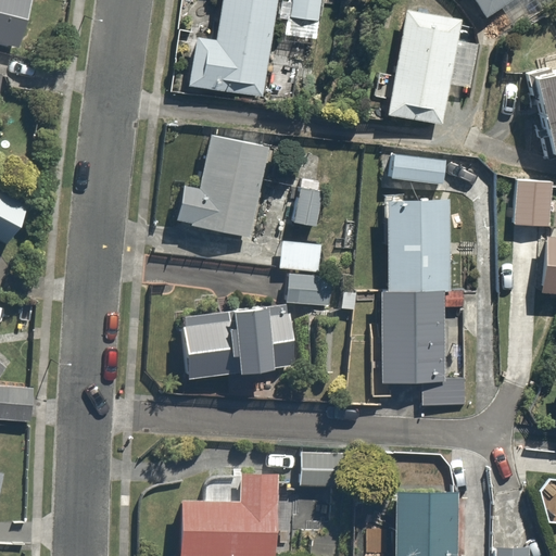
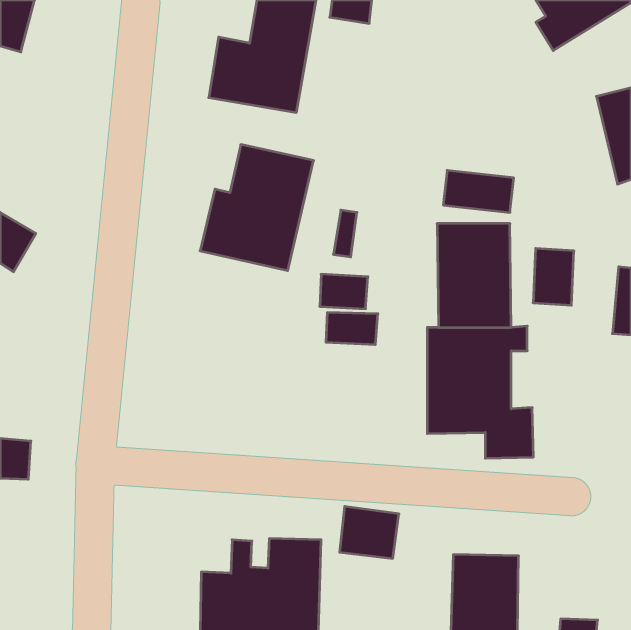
building: [386,7,480,125] -> none
building: [513,178,548,228] -> [533,248,574,305]
building: [186,309,296,377] -> none

